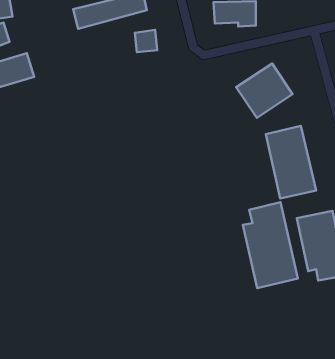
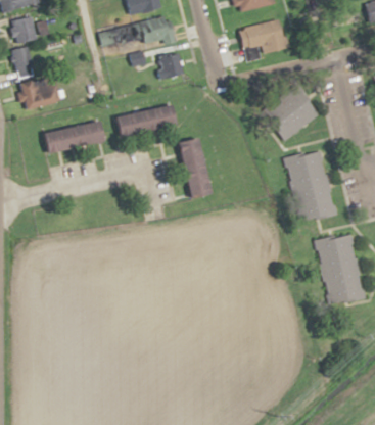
building: none -> [109,104,176,138]
building: none -> [38,122,102,154]
building: none -> [173,139,205,199]
building: [243,202,298,288] -> none

